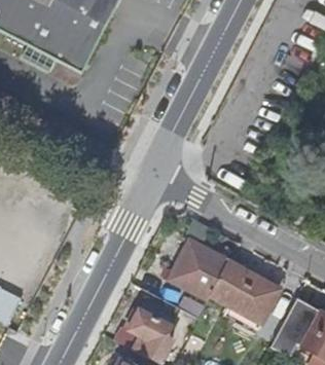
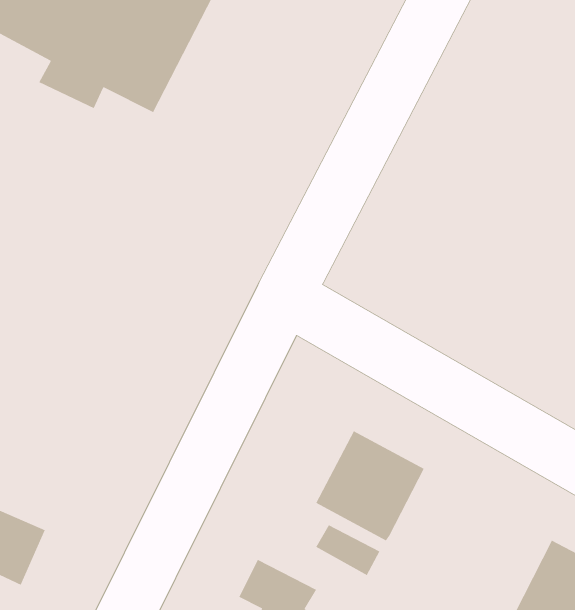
building: [210,261,276,325] -> none

